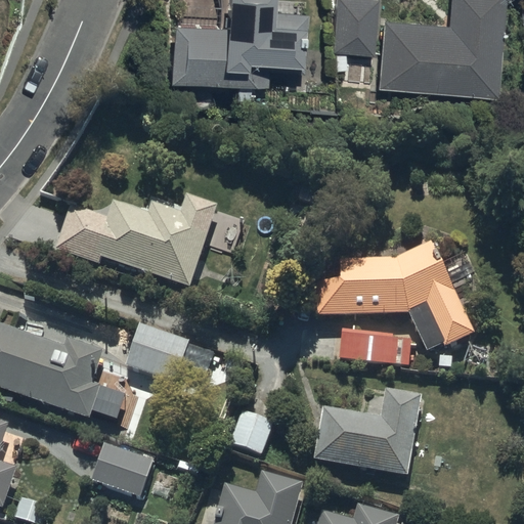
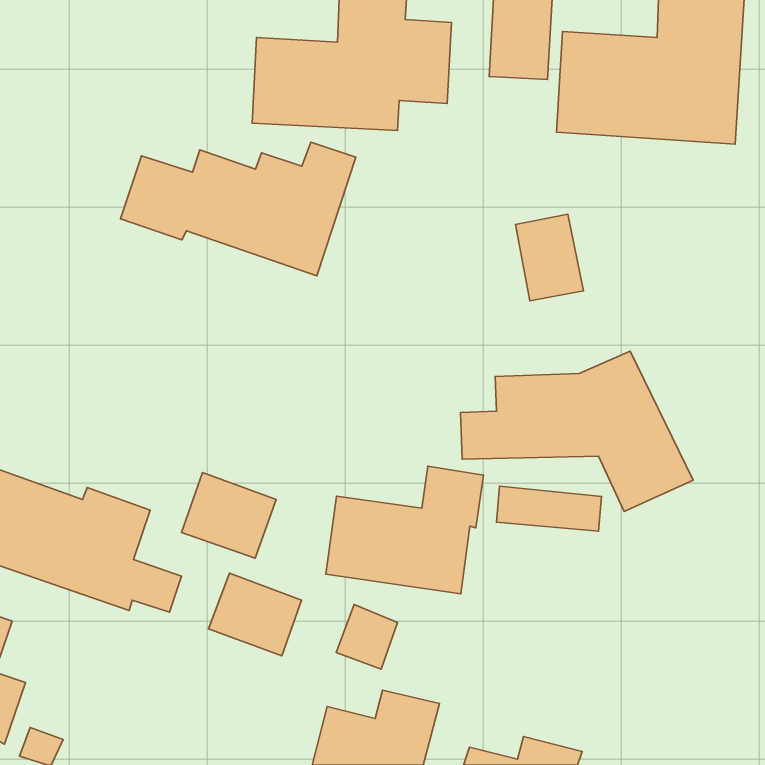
building: none -> [516,214,583,301]
building: [55,194,216,286] -> [120,142,356,276]
building: [313,391,421,478] -> [326,466,483,594]
building: [89,440,152,496] -> [208,573,301,656]

